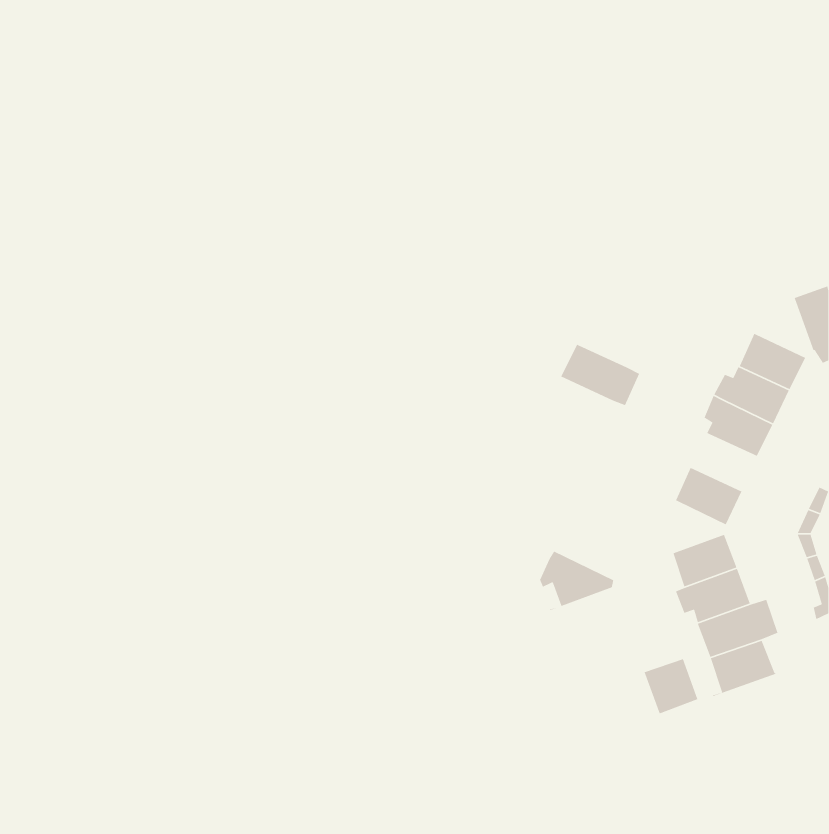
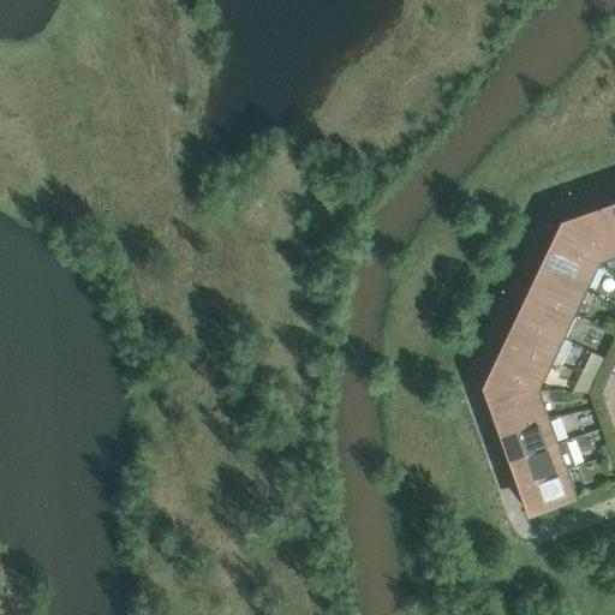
building: none -> [548,211,598,263]
building: [560,339,640,406] -> [508,316,567,365]
building: [539,550,614,611] -> [479,365,535,410]
building: [644,658,701,715] -> none

